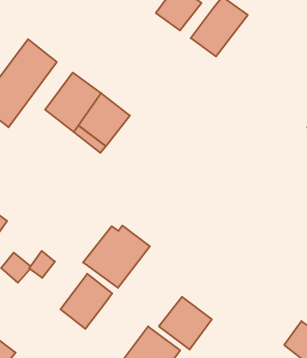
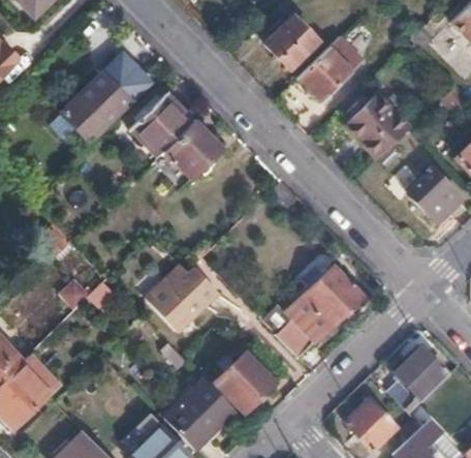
building: none -> [346,92,411,157]
building: none -> [280,266,362,356]
building: [60,274,112,329] -> none

